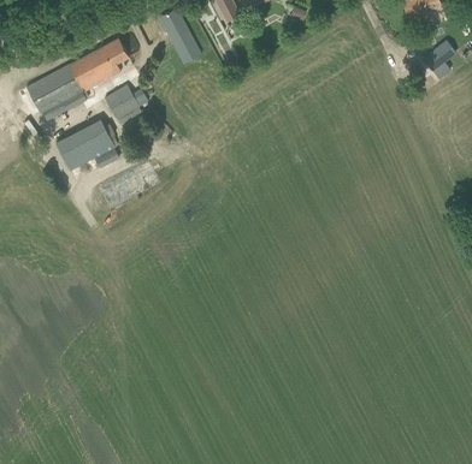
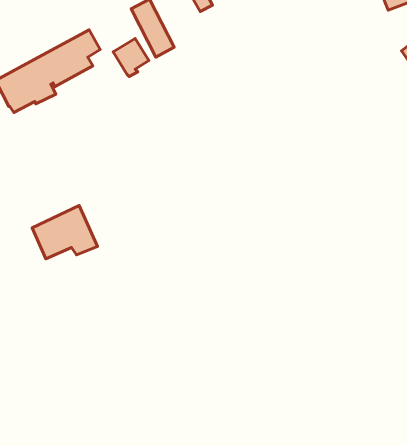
building: [104,84,138,121] -> [113,38,149,77]
building: [55,118,119,169] -> [32,206,98,259]

